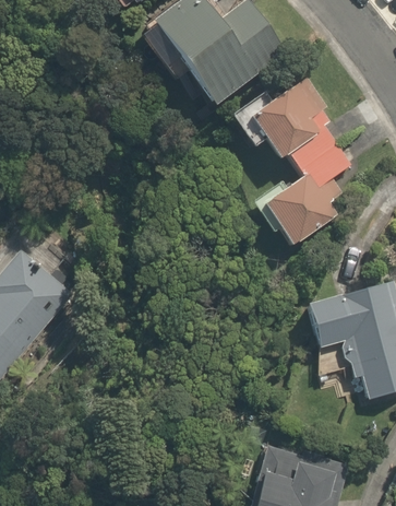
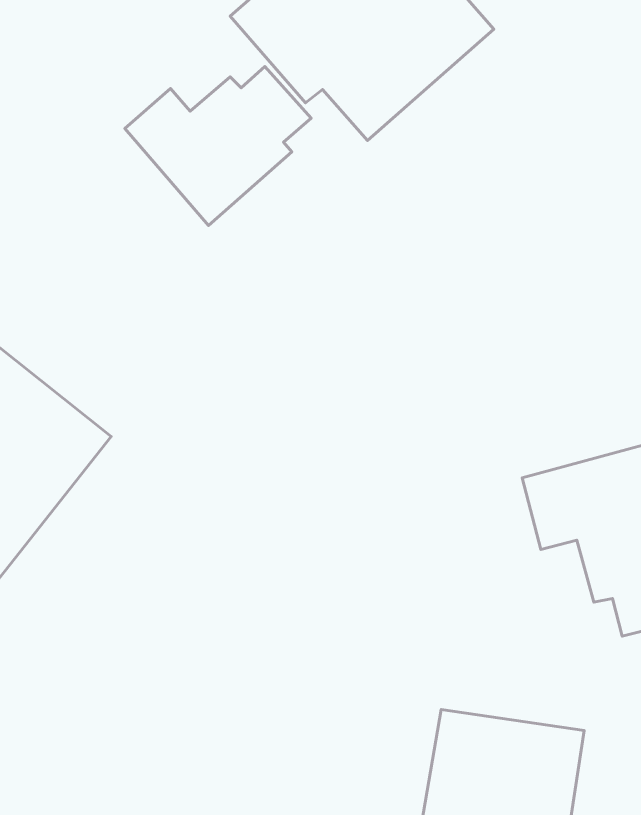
building: none -> [125,67,311,226]
building: [236,75,358,252] -> none

